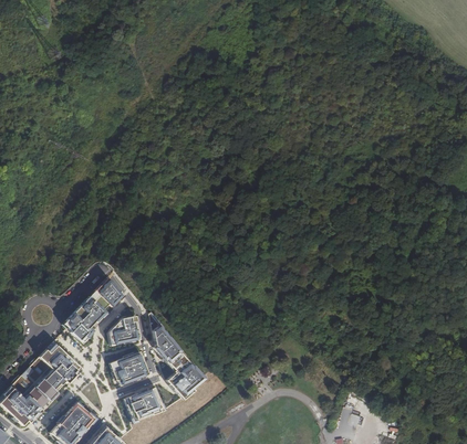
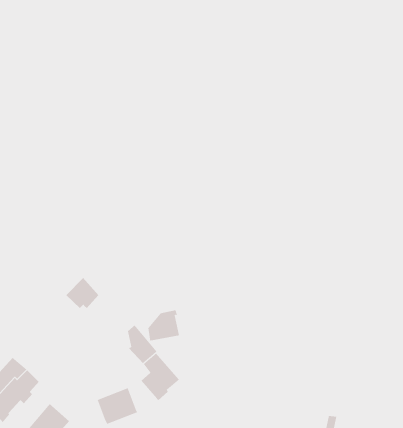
building: [65,295,110,342] -> none
building: [108,314,141,345] -> [147,310,180,341]
building: [40,342,80,383] -> none
building: [110,350,149,385] -> none

